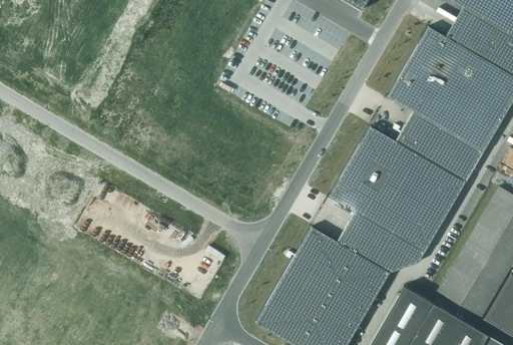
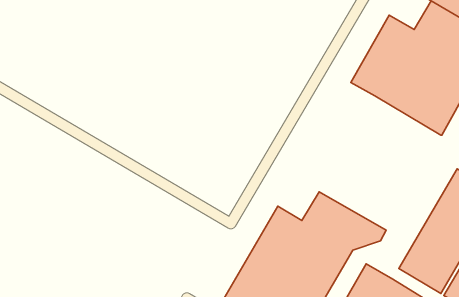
building: [330,110,482,251] -> none

